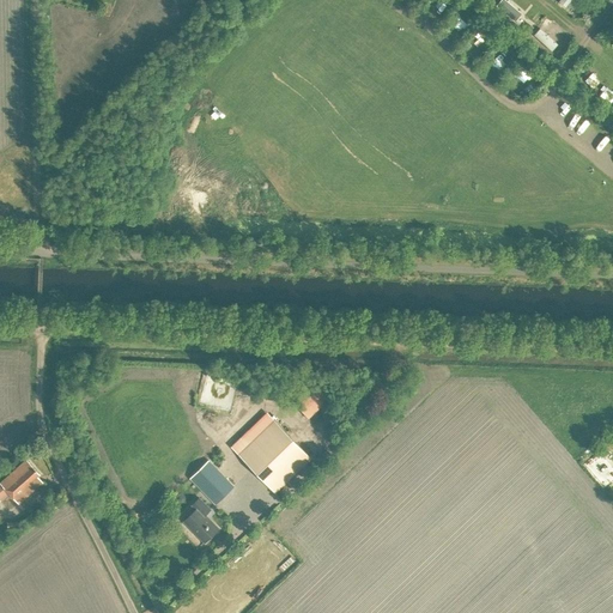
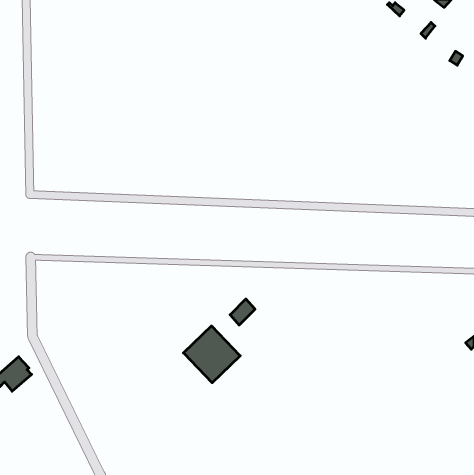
building: [188,459,233,504] -> none
building: [182,497,216,541] -> none

